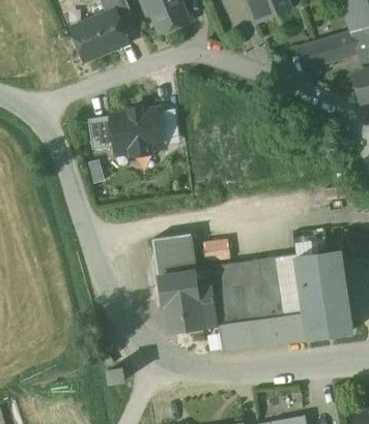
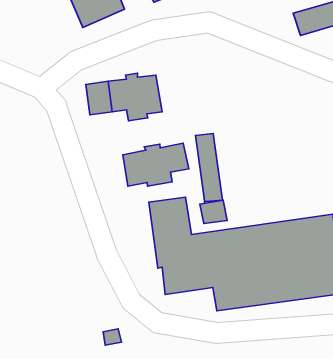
building: none -> [196,134,222,202]
building: none -> [123,143,189,186]

